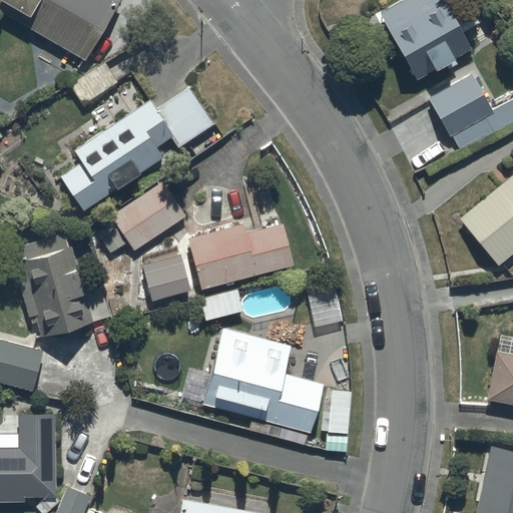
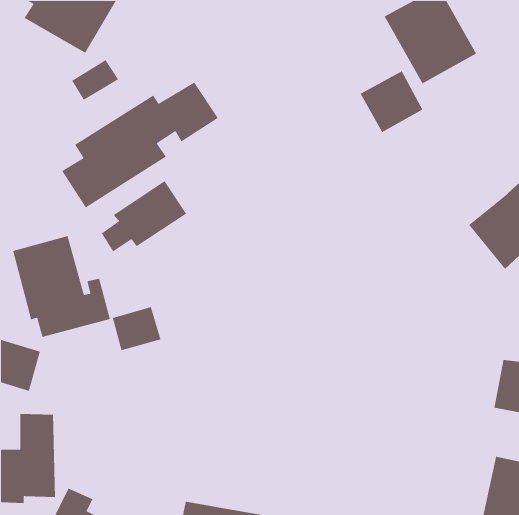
building: [429,80,492,142] -> [360,70,424,133]
building: [189,222,294,286] -> none
building: [143,256,192,301] -> [112,306,162,351]
building: [183,327,324,432] -> none

